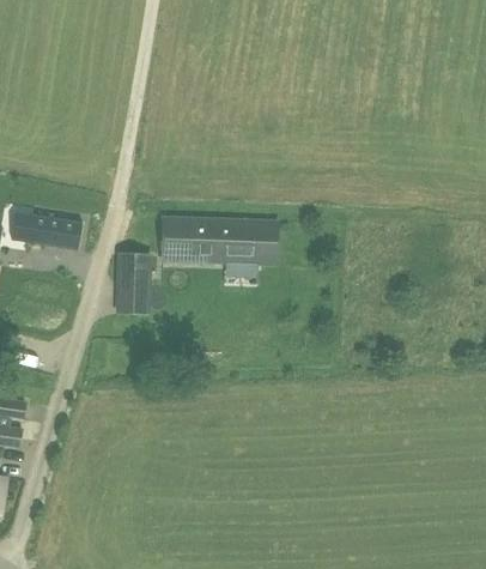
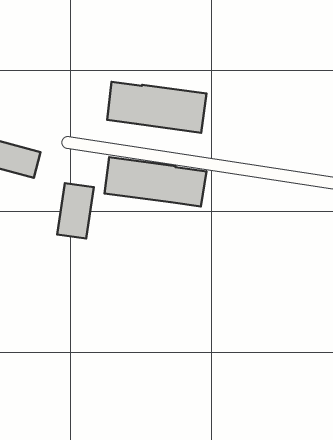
building: none -> [107,82,207,133]

